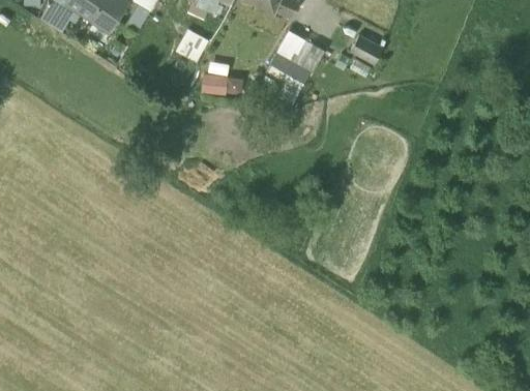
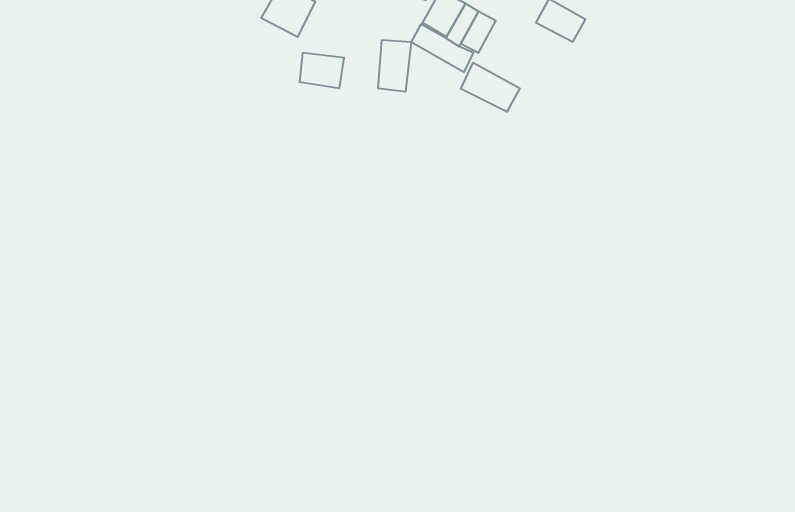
building: none -> [378,40,411,92]
building: none -> [461,63,520,112]

